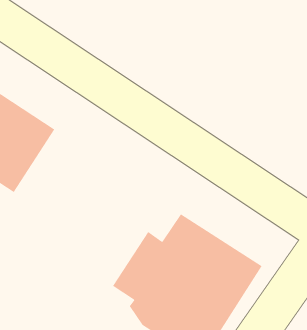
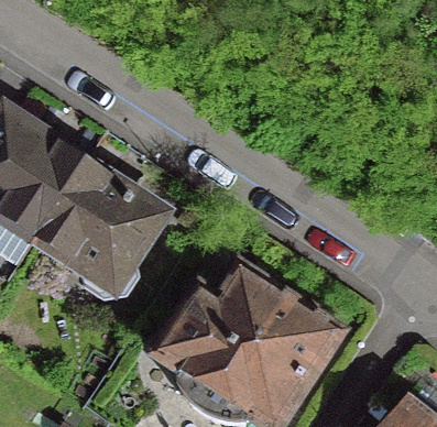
building: none -> [33,161,163,291]

